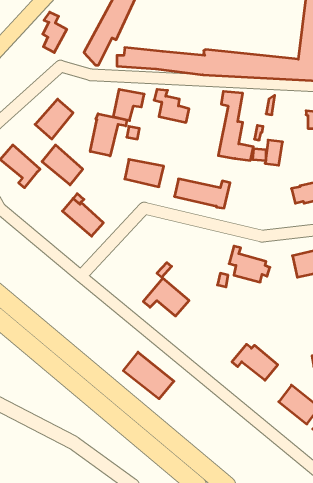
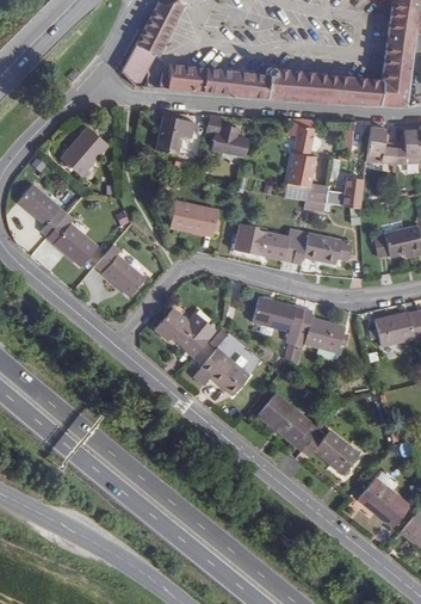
building: [43,12,67,53] -> none
building: none -> [366,127,395,164]
building: [90,114,127,156] -> none
building: [42,145,83,185] -> [47,217,97,266]
building: none -> [292,230,351,264]
building: none -> [252,296,304,331]
building: none -> [156,308,210,352]
building: [123,352,174,399] -> [258,393,320,450]

